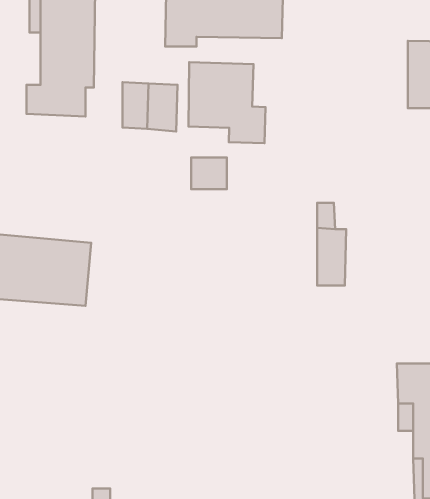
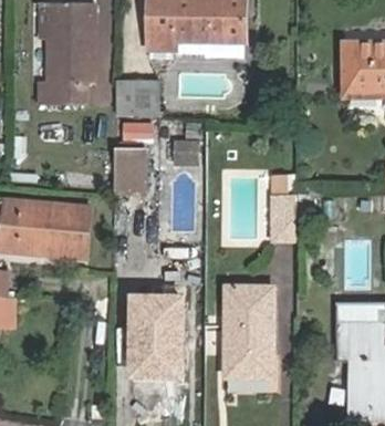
building: [188,62,266,143] -> none
building: none -> [112,145,147,191]
building: none -> [225,287,272,376]
building: none -> [132,298,179,376]

